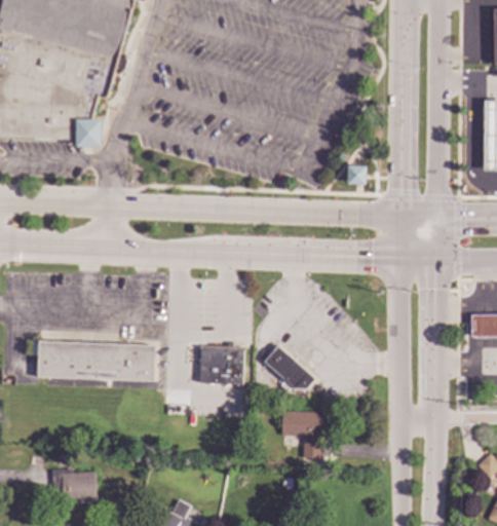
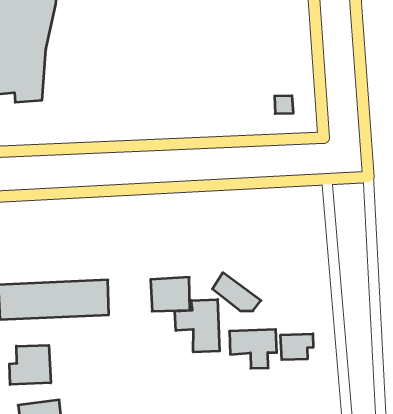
building: none -> [175,299,220,352]
building: none -> [9,345,51,385]
building: none -> [281,334,313,360]

